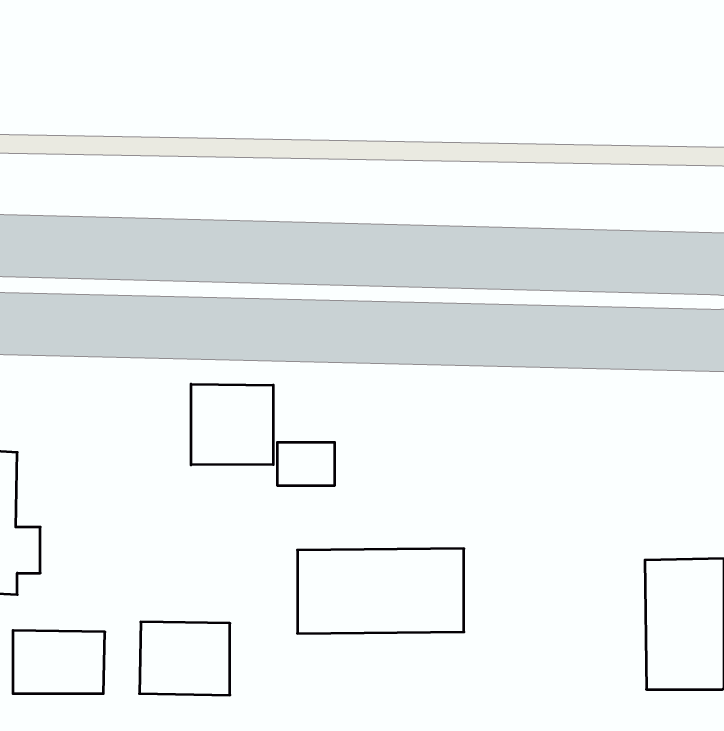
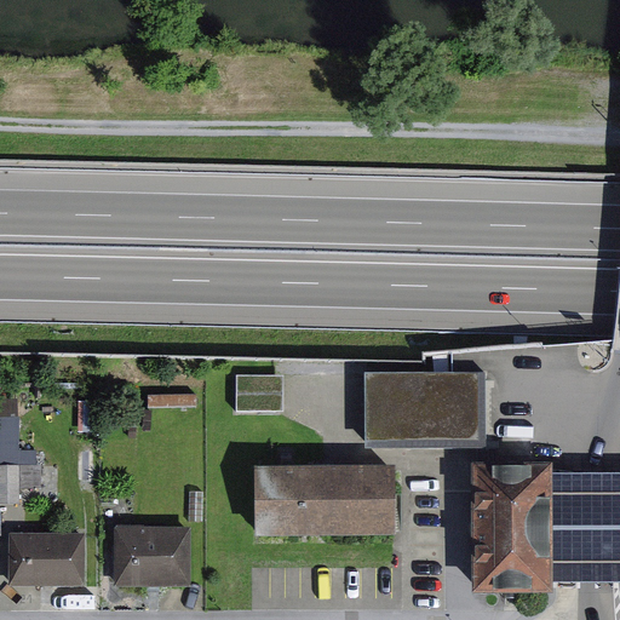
building: [191,384,273,465] -> none
building: none -> [367,371,486,449]
building: none -> [463,461,545,592]

